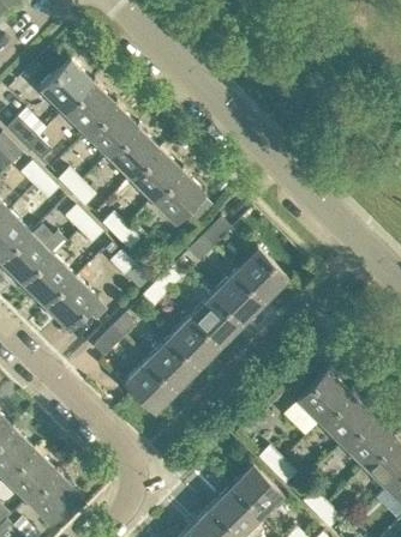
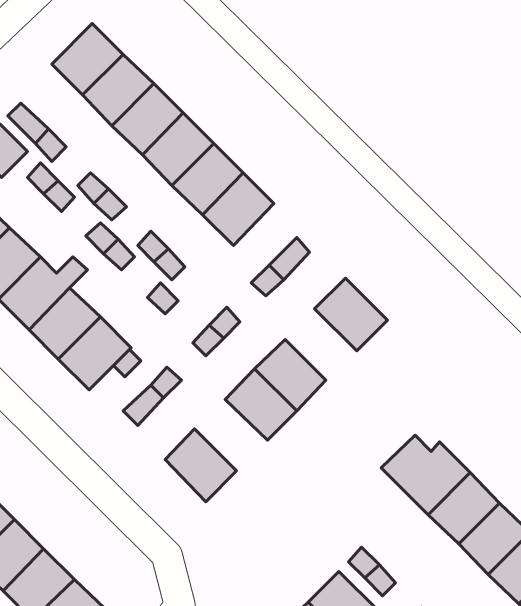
building: [213,271,265,324] -> none
building: [145,338,199,391] -> none

